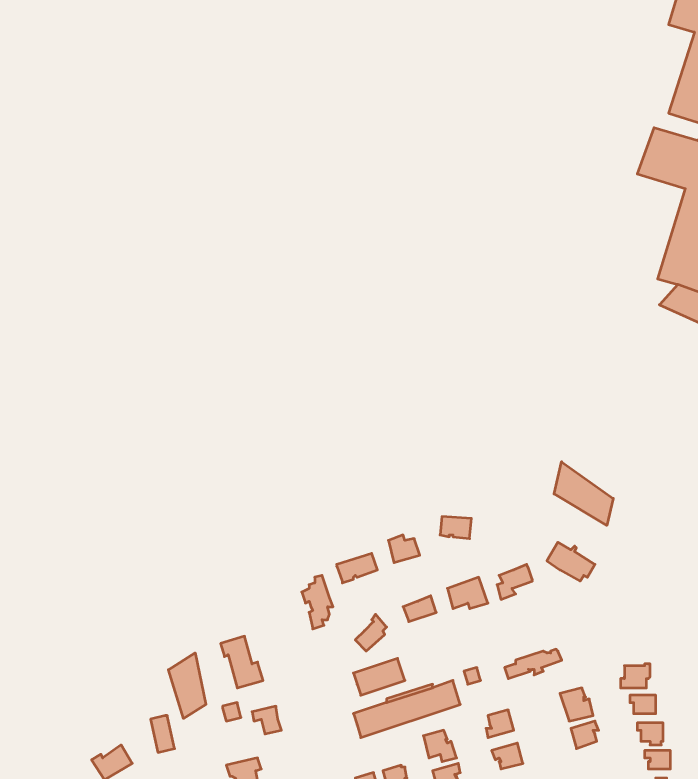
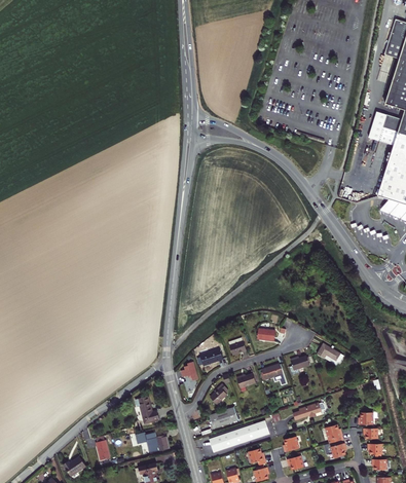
building: [554,462,613,525] -> none
building: [168,653,206,718] -> none

